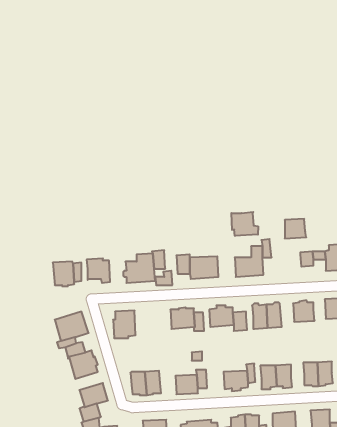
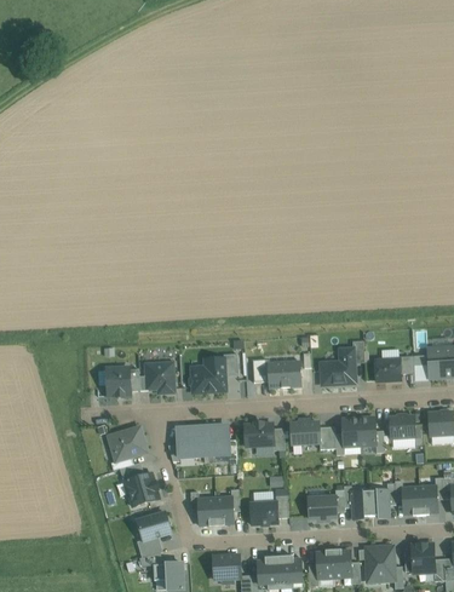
building: [231,212,258,236] -> none
building: [285,219,306,238] -> [375,358,401,381]
building: none -> [202,424,229,456]

